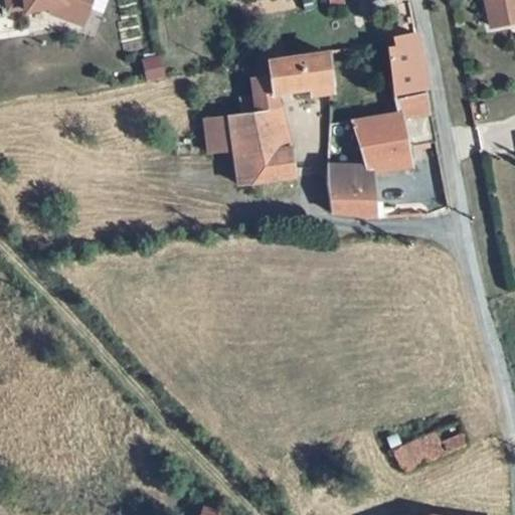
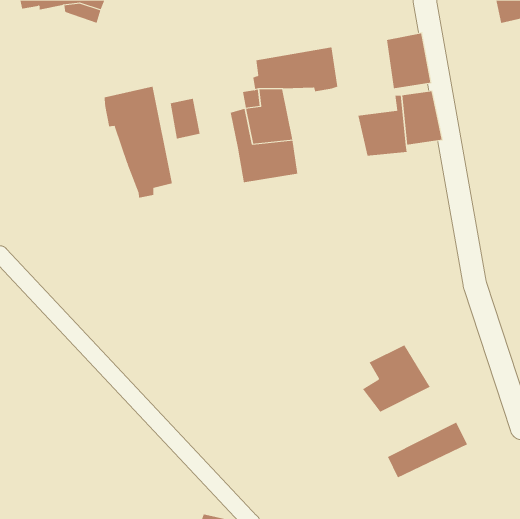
building: none -> [104,86,172,199]
building: [205,114,235,154] -> [170,98,201,139]
building: [326,153,410,218] -> none
building: none -> [362,345,431,413]

